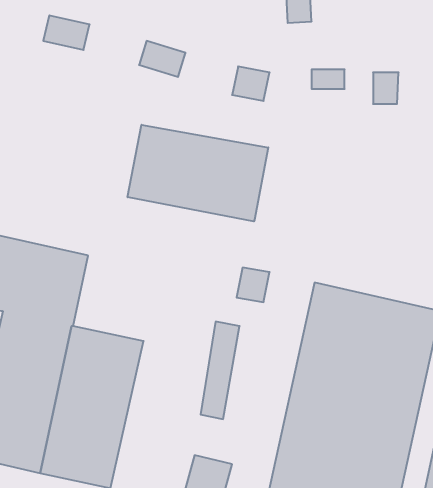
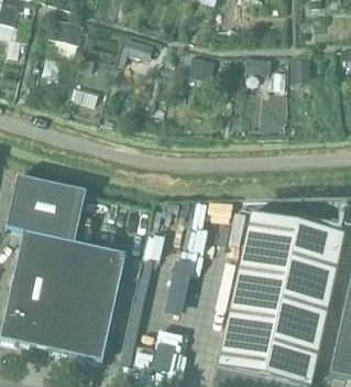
building: [128,125,268,221] -> none

